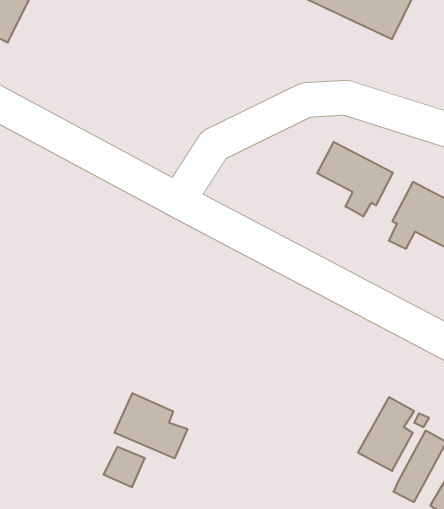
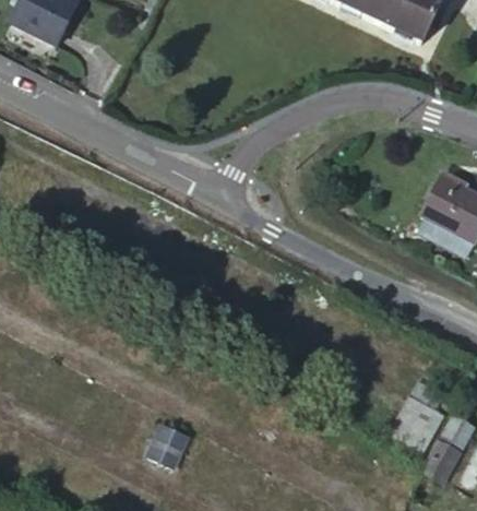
building: [317,142,393,217] -> none
building: [114,393,187,458] -> none

